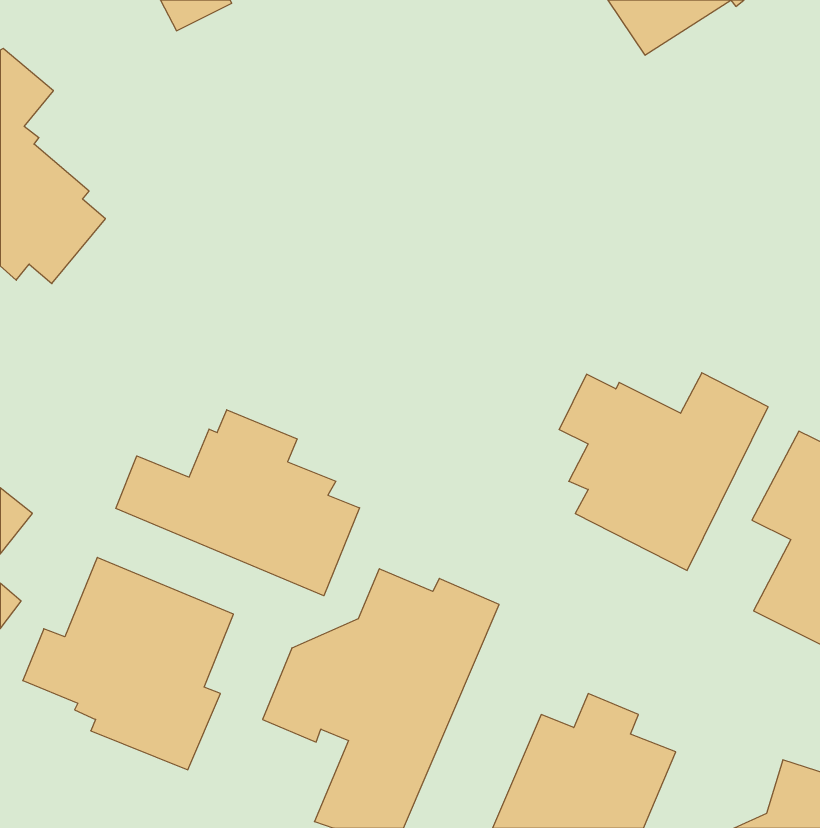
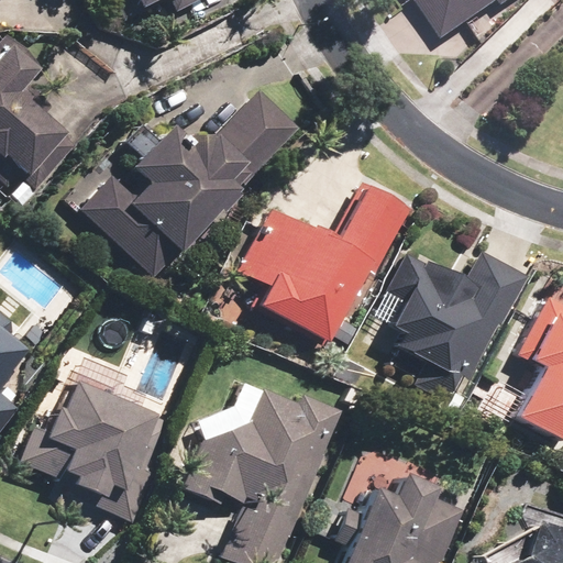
building: none -> [80,89,297,277]
building: none -> [236,183,409,344]
building: [116,410,360,596] -> none

